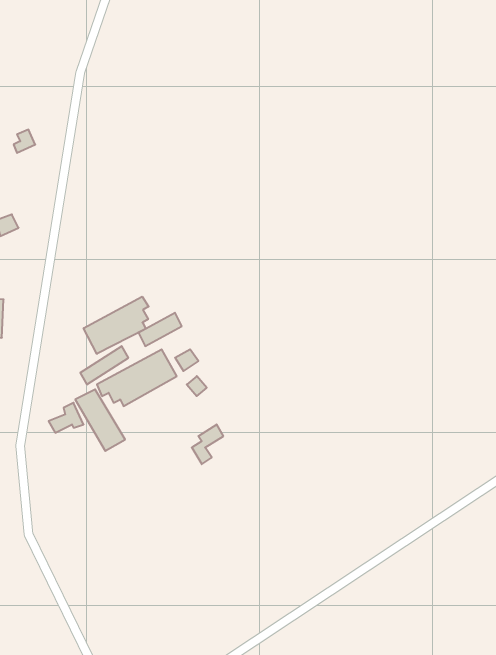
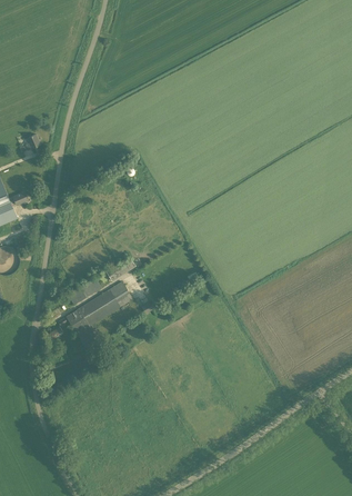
building: [84,297,149,354] -> none

